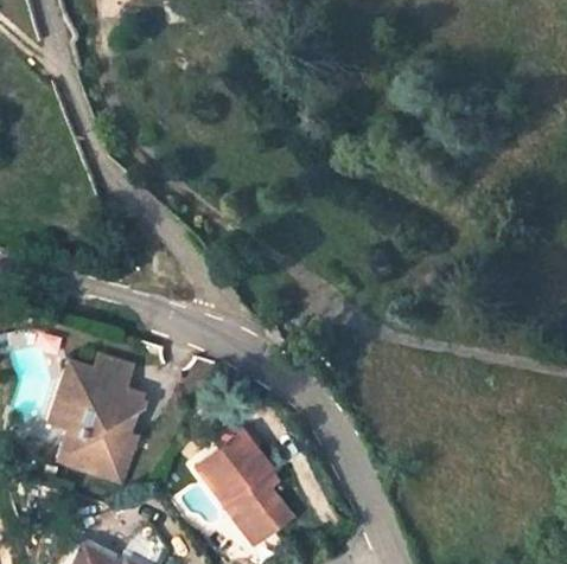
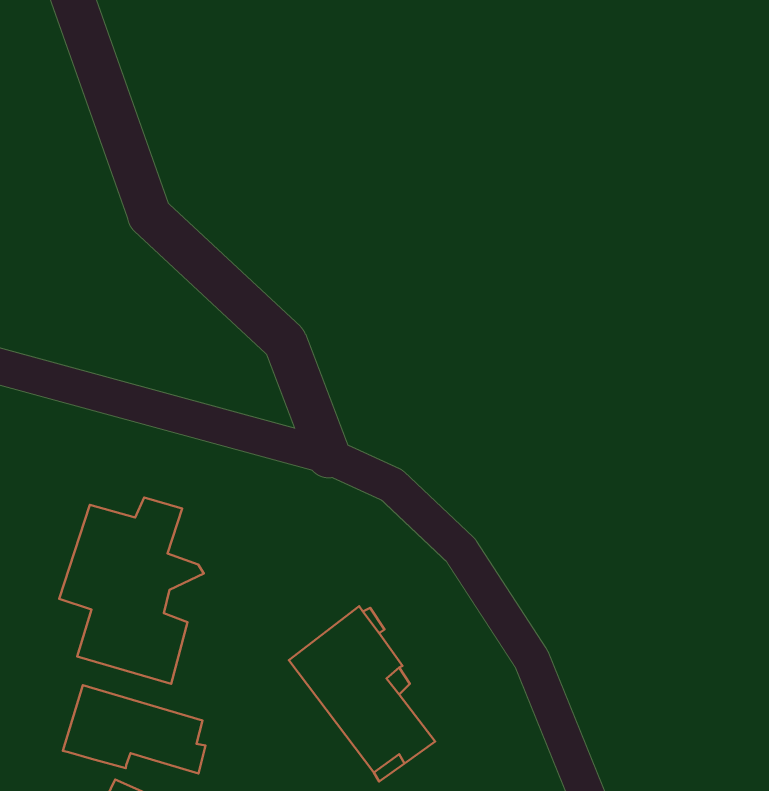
building: none -> [63,685,206,774]

